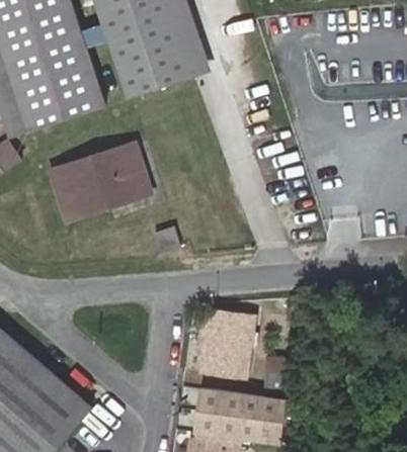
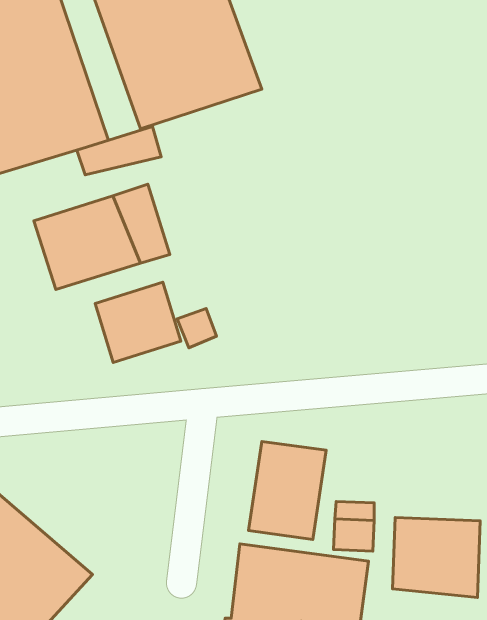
building: none -> [77,127,161,175]
building: none -> [95,282,181,363]
building: none -> [393,518,480,597]

